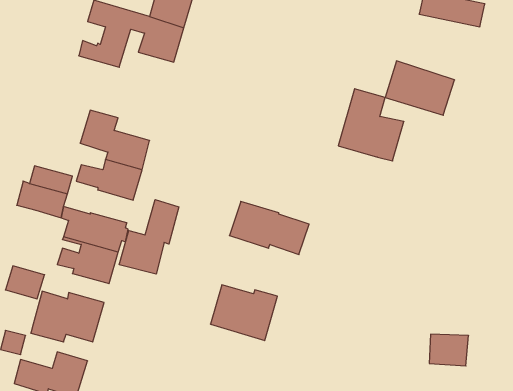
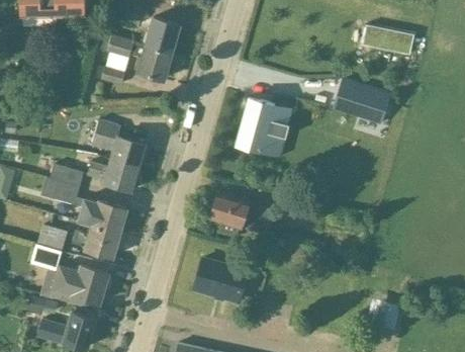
building: [338,89,404,161] -> [236,98,288,156]
building: [119,200,179,274] -> none
building: none -> [36,225,68,251]

